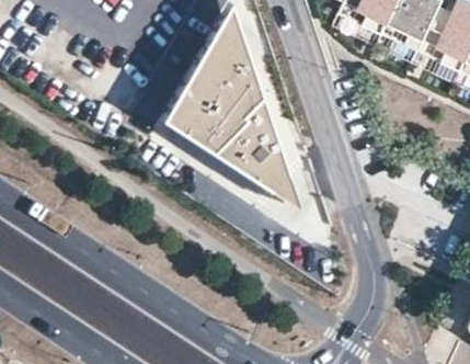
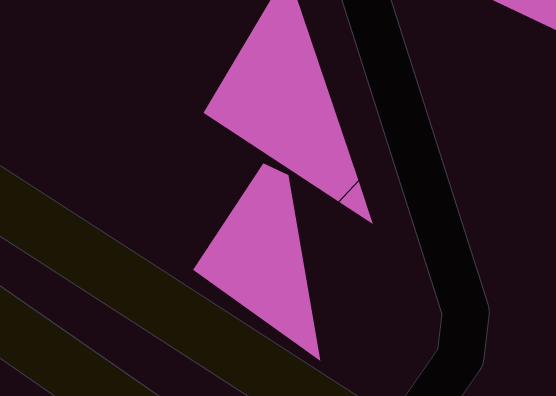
building: none -> [192,162,321,363]

